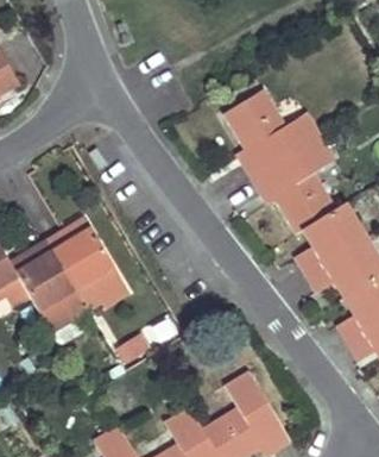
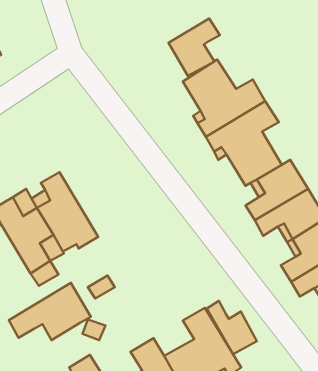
building: none -> [168,19,220,76]
building: none -> [9,283,91,340]
building: none -> [207,301,257,354]

